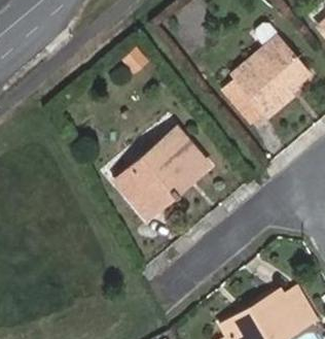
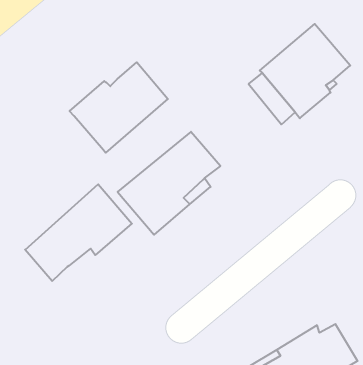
building: none -> [70,62,168,153]
building: none -> [25,184,132,281]

